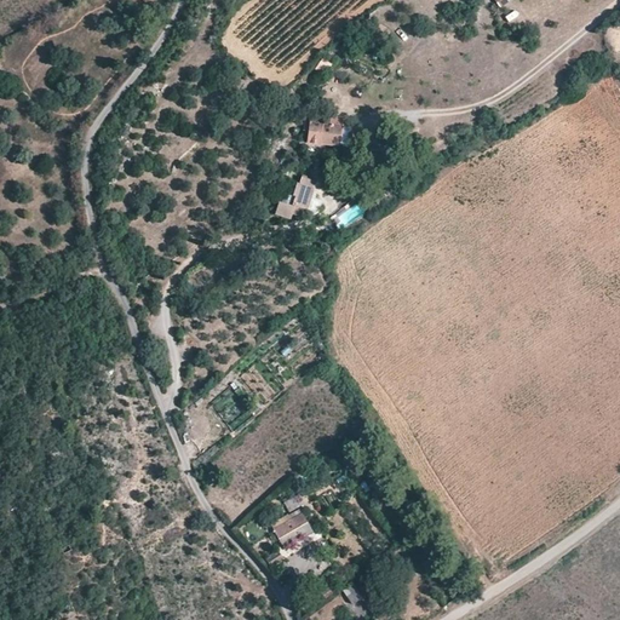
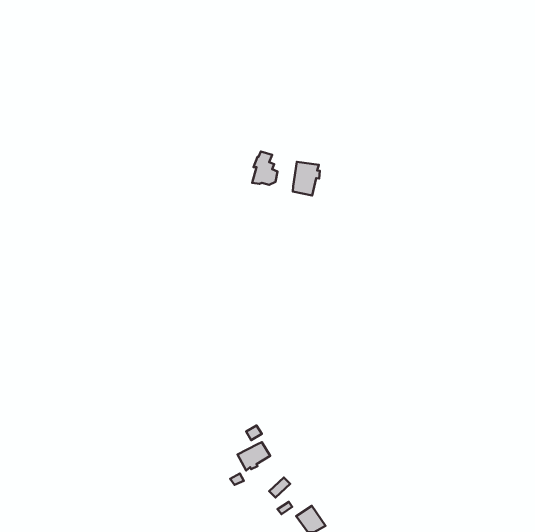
building: [304,119,343,144] -> none
building: none -> [293,162,320,195]

